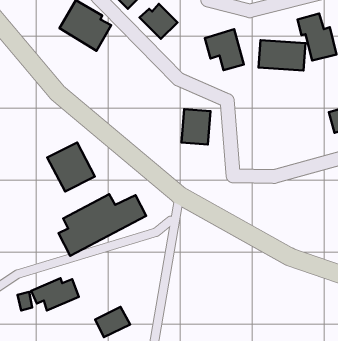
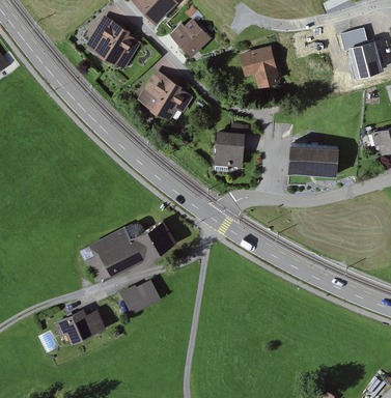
building: [259,40,305,70] -> [287,143,337,175]
building: none -> [138,69,192,118]
building: [47,142,95,192] -> none
building: [95,307,130,337] -> [119,282,157,314]

